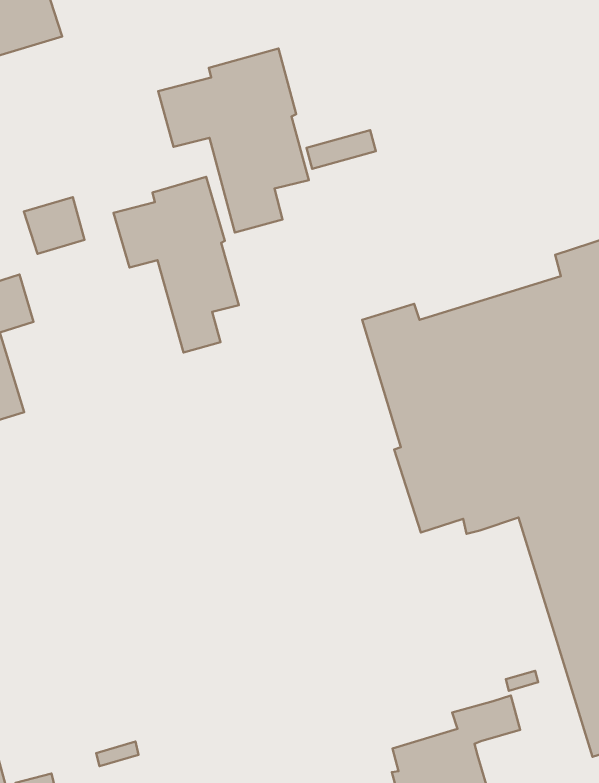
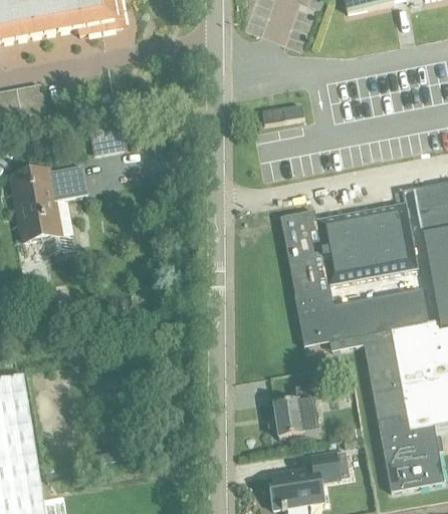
building: [158,48,309,232] -> none
building: [114,177,239,353] -> none
building: none -> [273,383,318,438]

